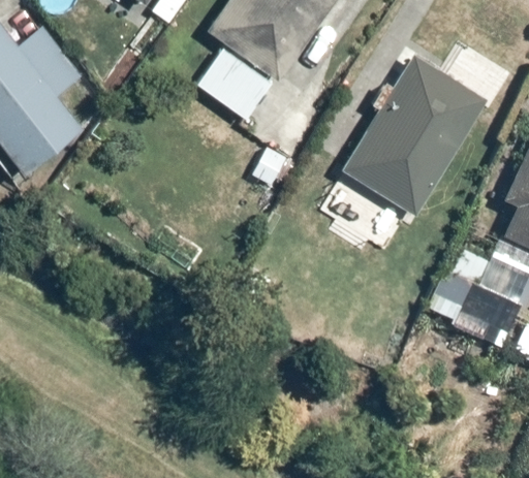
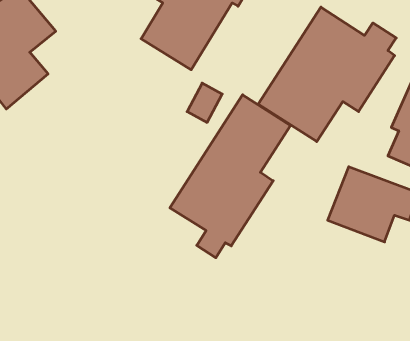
building: none -> [170,95,290,258]

